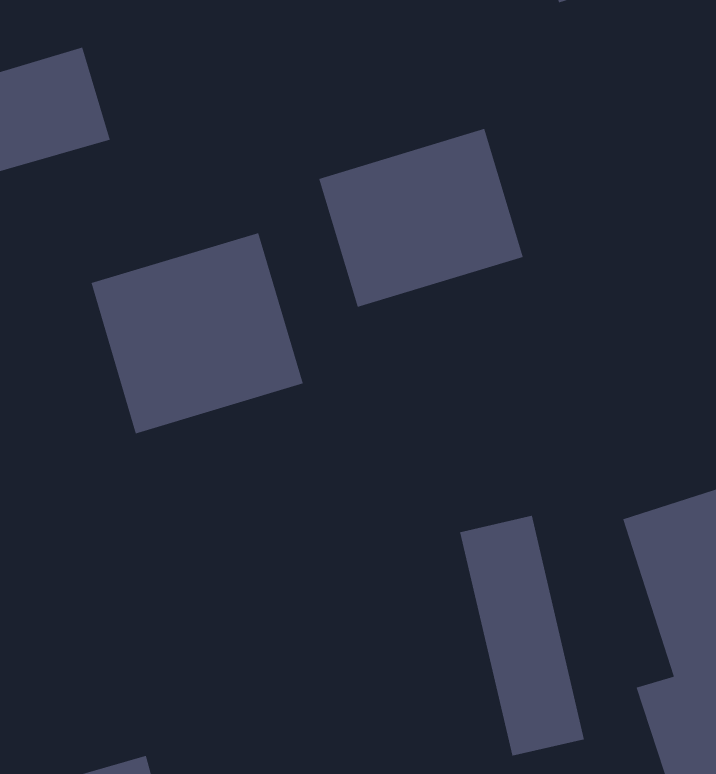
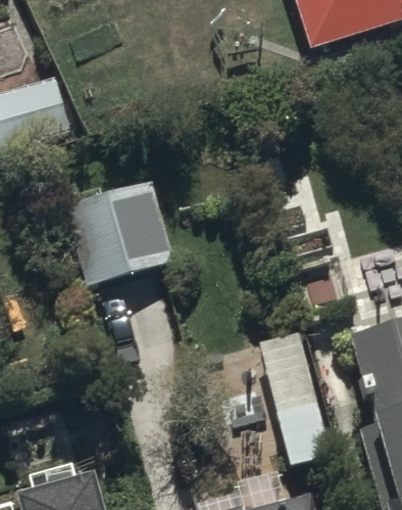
building: [318,128,524,308] -> none

